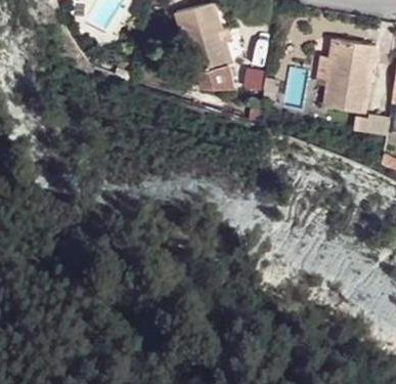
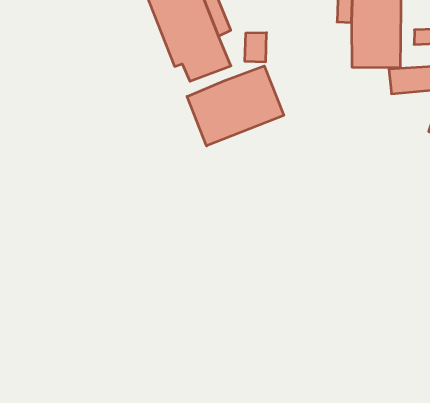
building: none -> [187,66,284,146]

